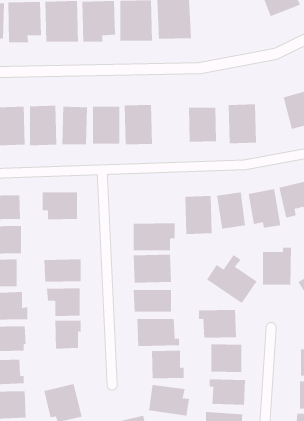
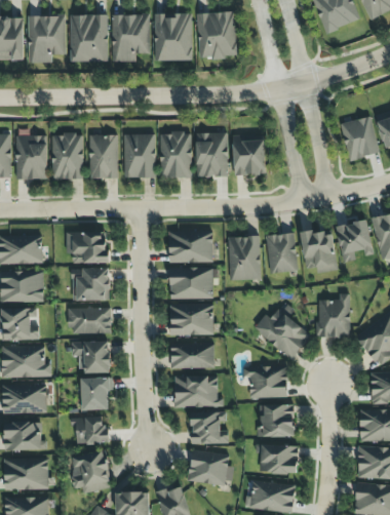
building: [228,104,257,144] -> [195,132,228,177]
building: none -> [168,231,212,263]
building: none -> [72,268,110,301]
building: none -> [74,417,107,444]

